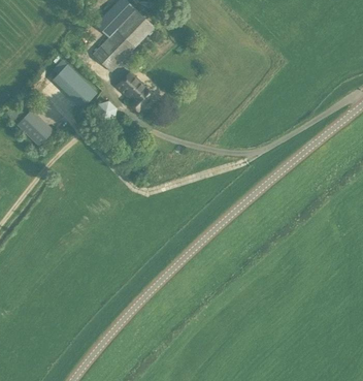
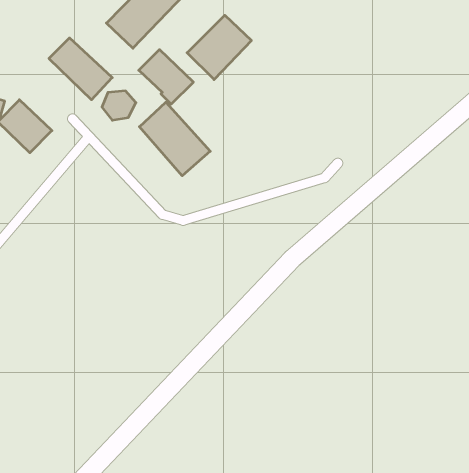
building: none -> [187,15,251,80]
building: none -> [139,102,210,176]

